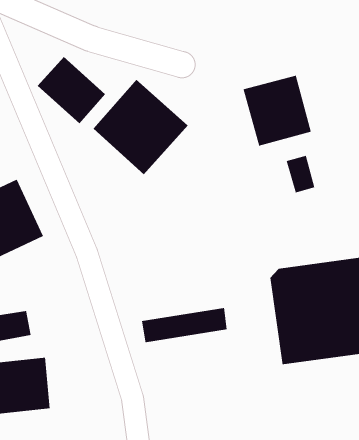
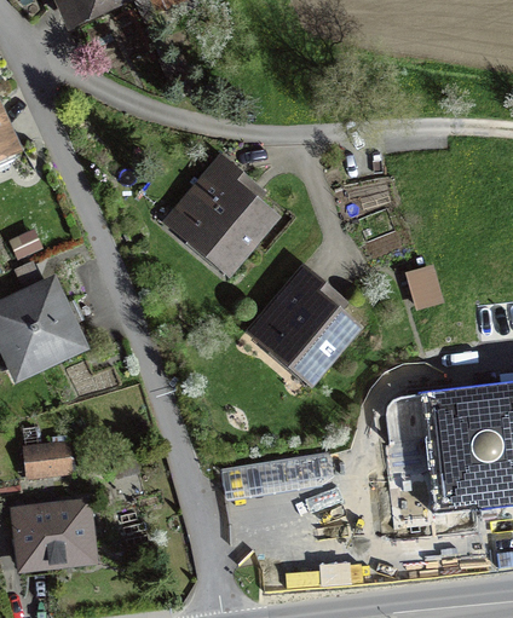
building: [37,56,106,124] -> none
building: [243,75,311,147] -> none
building: none -> [240,258,352,377]

